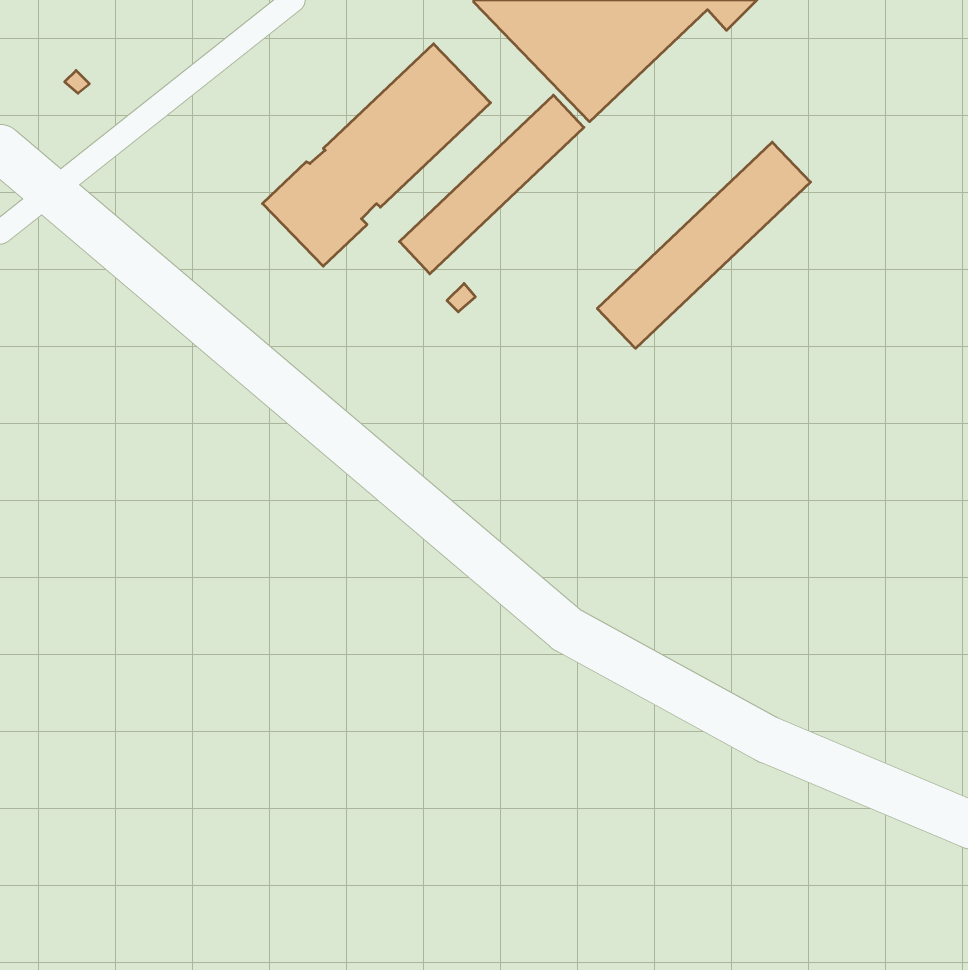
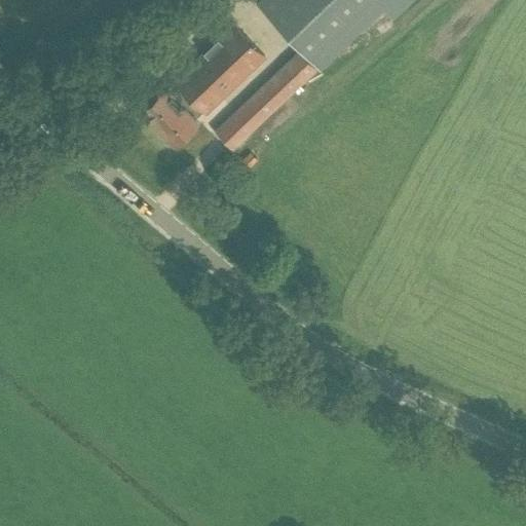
building: [597,142,811,348] -> none

